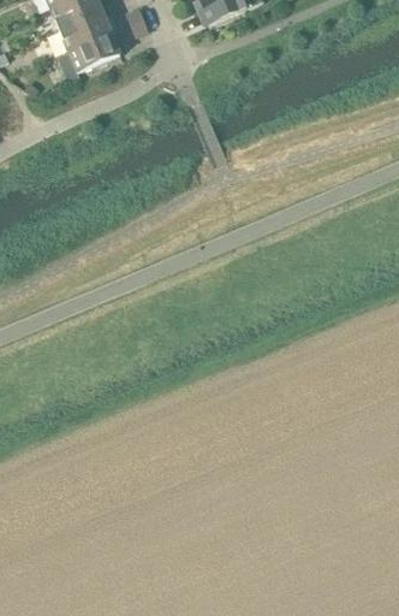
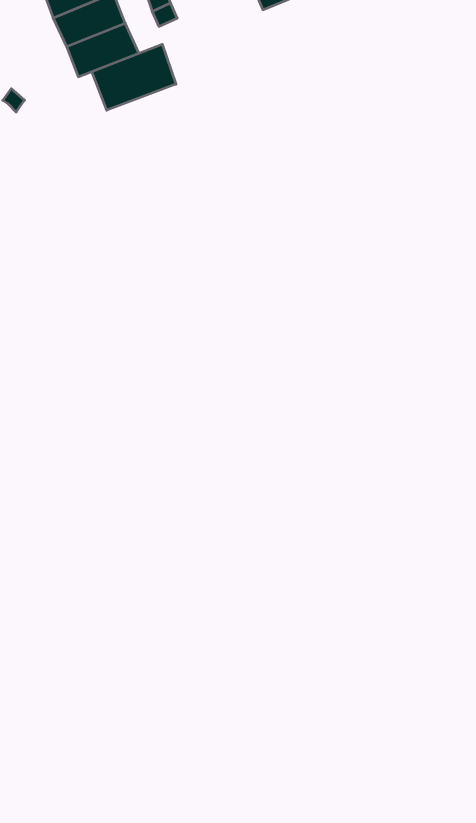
building: none -> [92,44,176,110]

